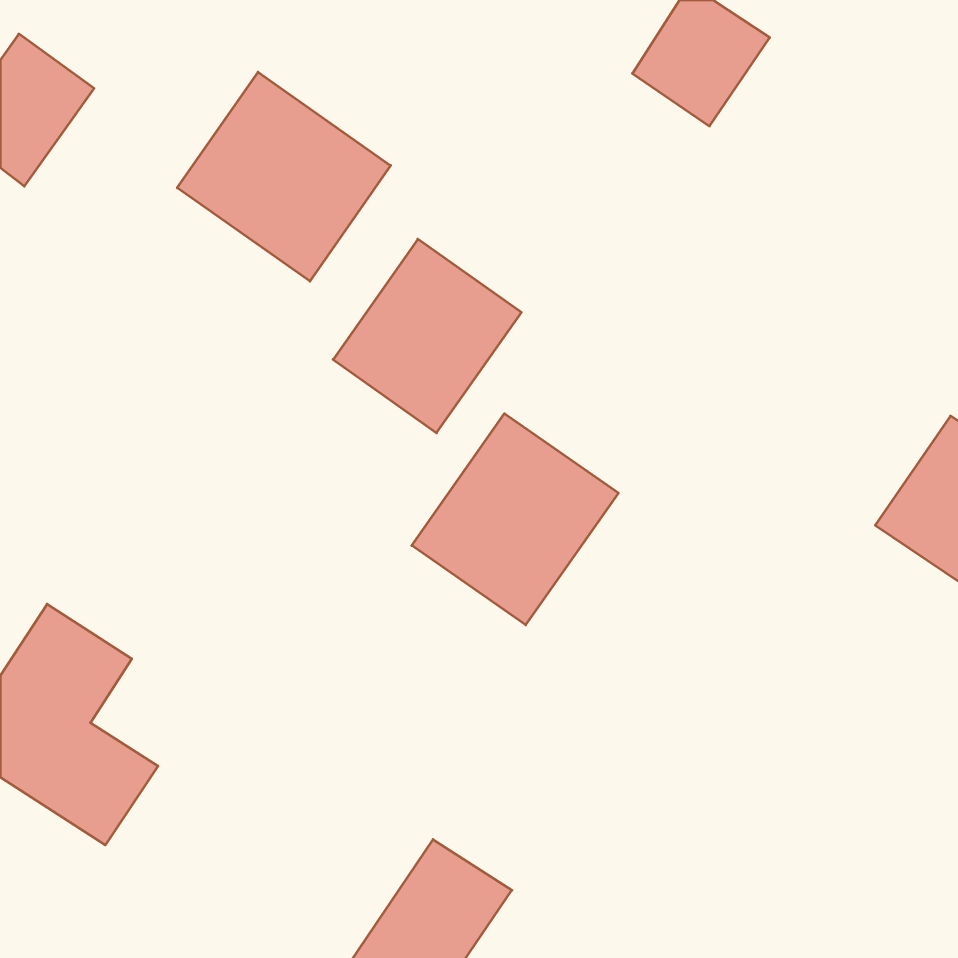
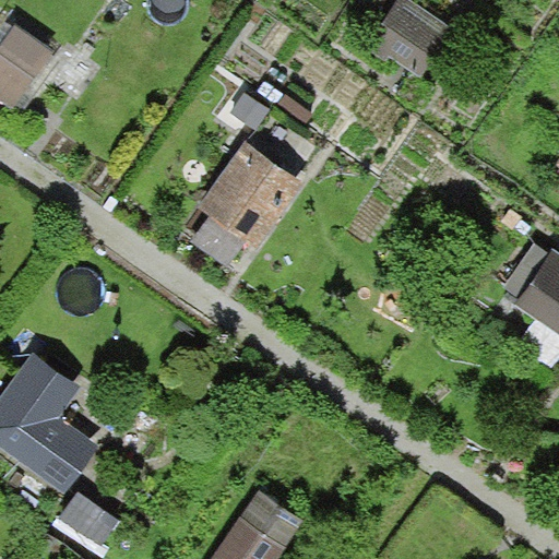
building: [177,72,391,281] -> none
building: [412,414,618,625] -> none

